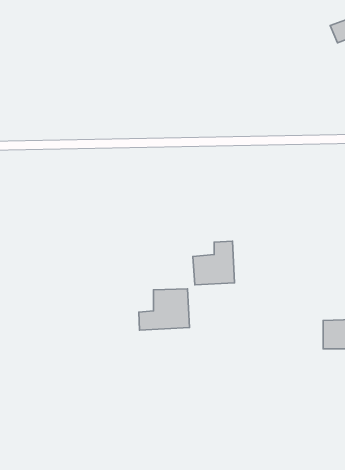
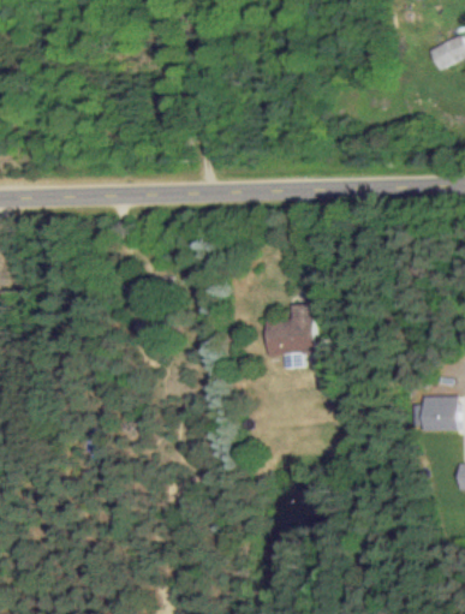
building: [139,289,190,330] -> none

